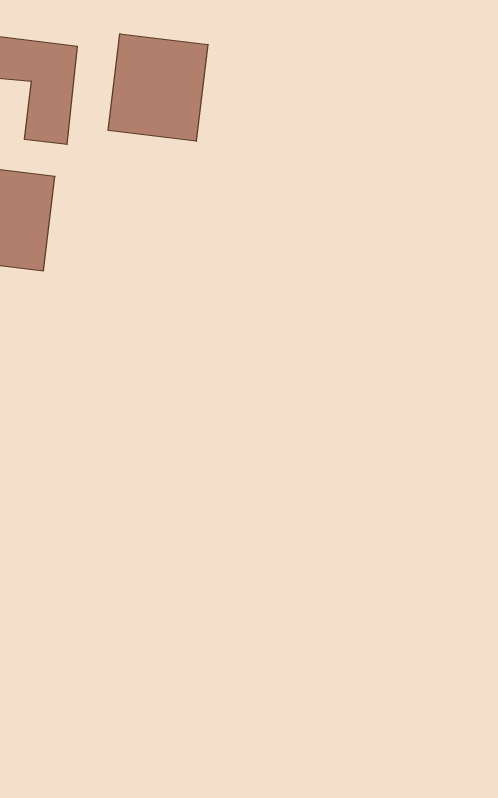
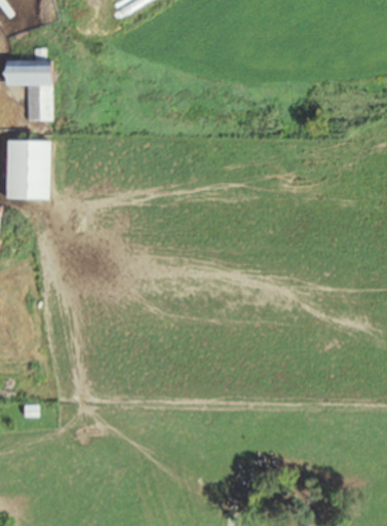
building: [108,34,208,141] -> none

